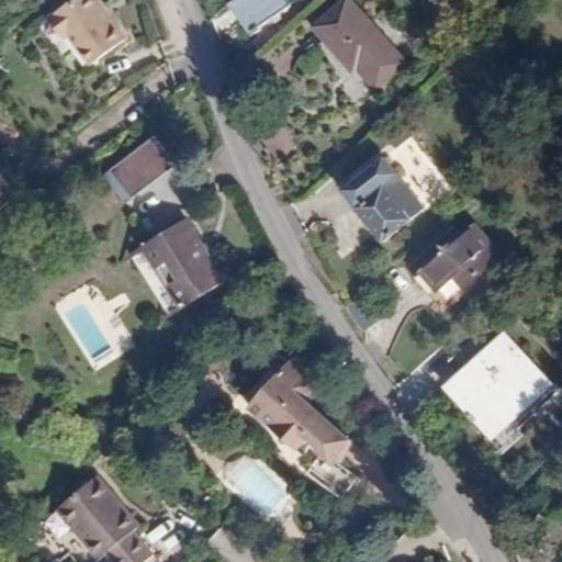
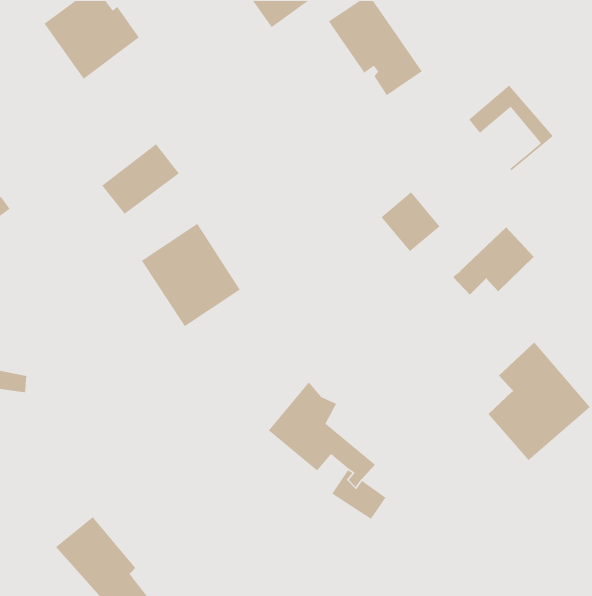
building: [345,160,425,241] -> [468,84,554,171]

